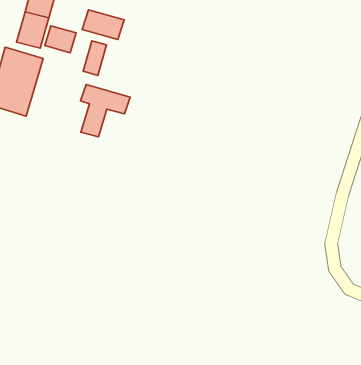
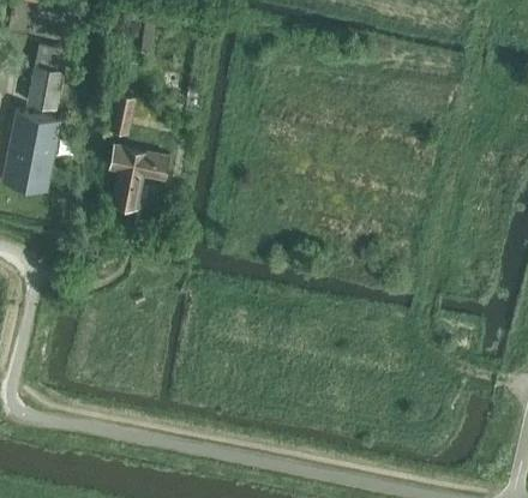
building: [82,10,124,40] -> none
building: [45,26,76,53] -> none

